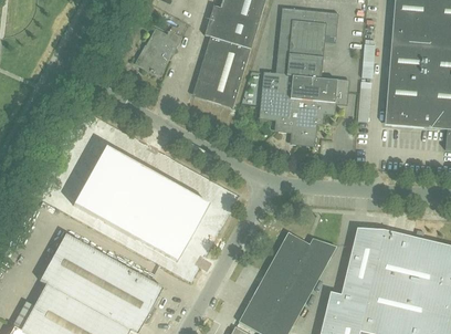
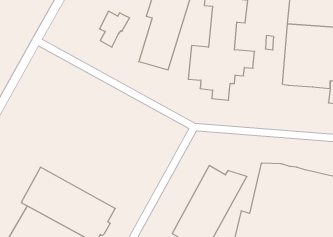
building: [74,147,209,262] -> none

